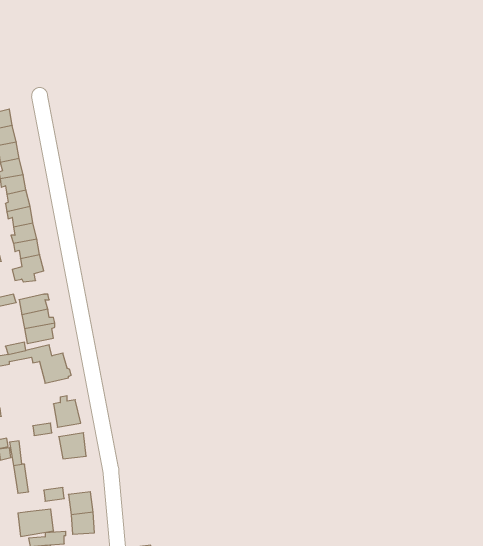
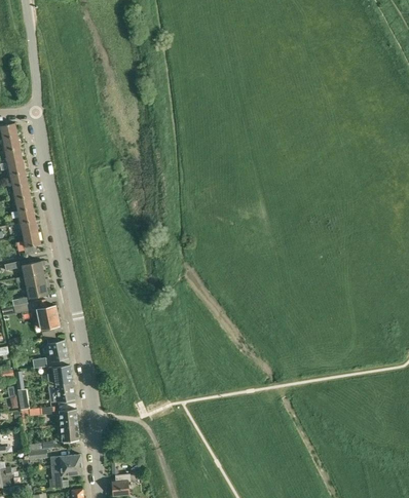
building: [18,509,54,536] -> [47,383,74,404]

